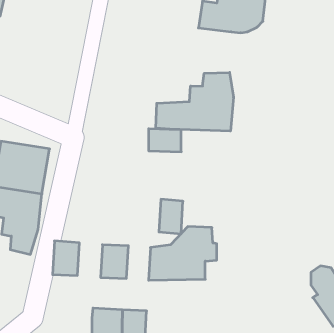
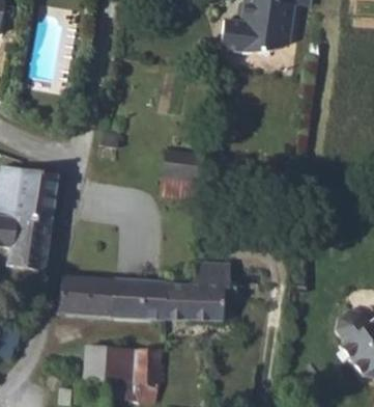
building: [156,72,233,131] -> none
building: [159,199,183,234] -> [140,280,166,318]
building: none -> [87,277,114,315]

